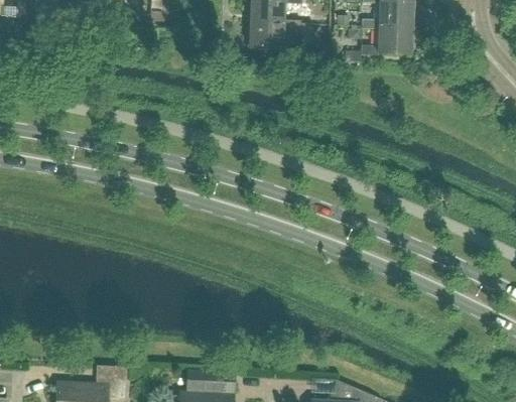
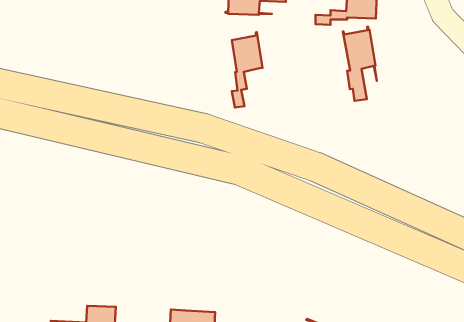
building: none -> [343,27,377,101]
building: none -> [232,32,262,107]

